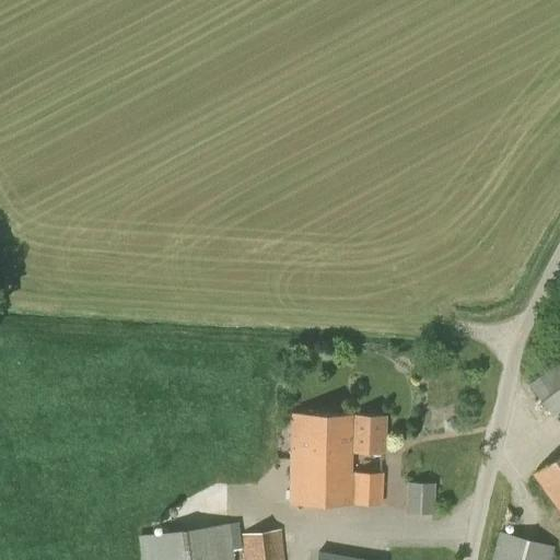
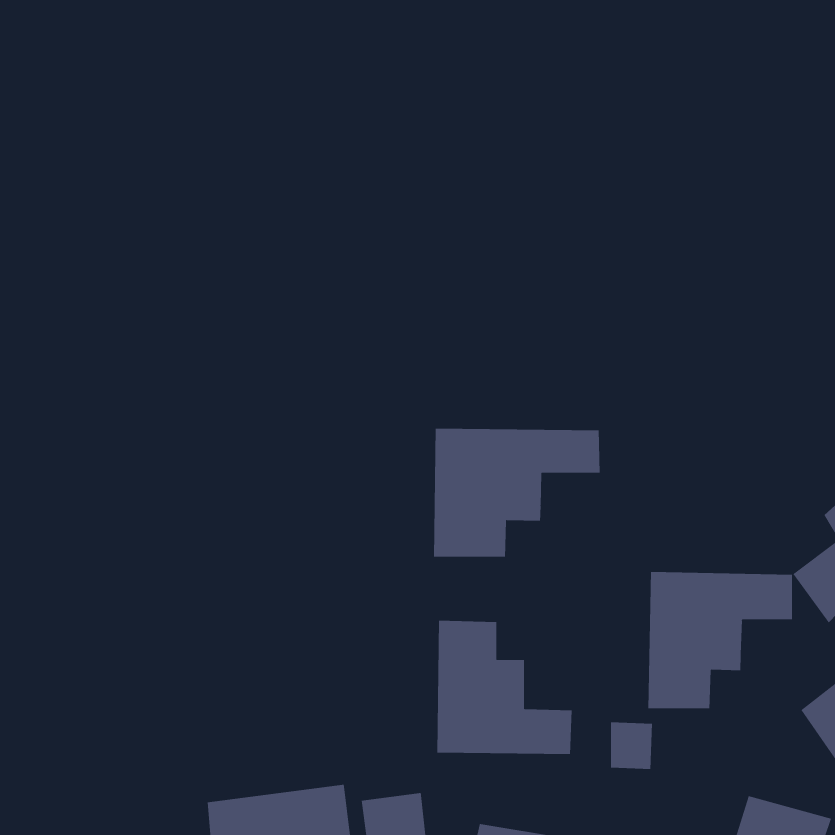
building: none -> [434,428,600,558]
building: none -> [648,571,793,709]
building: [334,417,386,454] -> none

